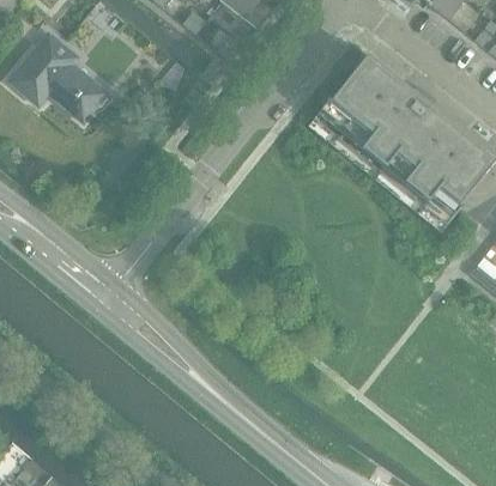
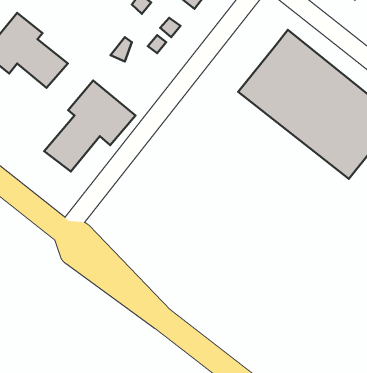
building: none -> [44,81,135,172]

